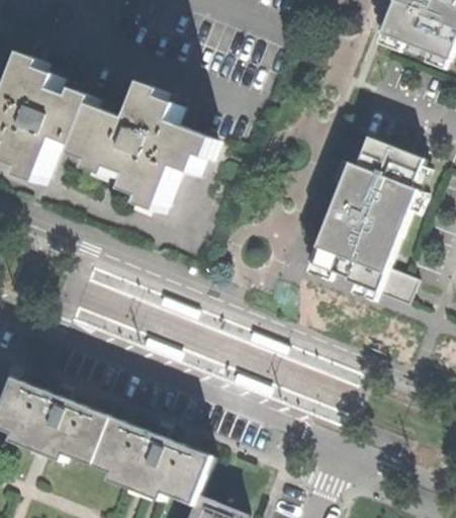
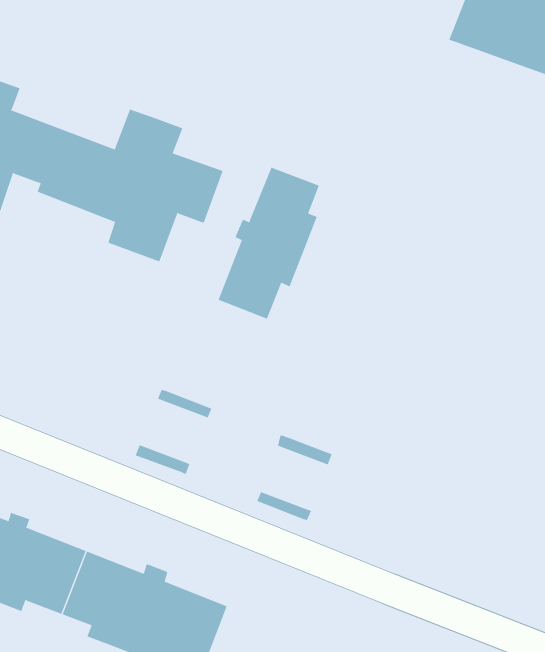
building: [307,134,430,303] -> none
building: none -> [218,167,320,319]

